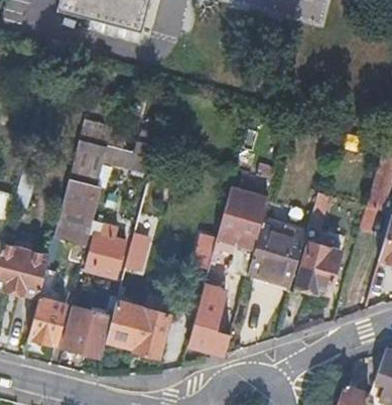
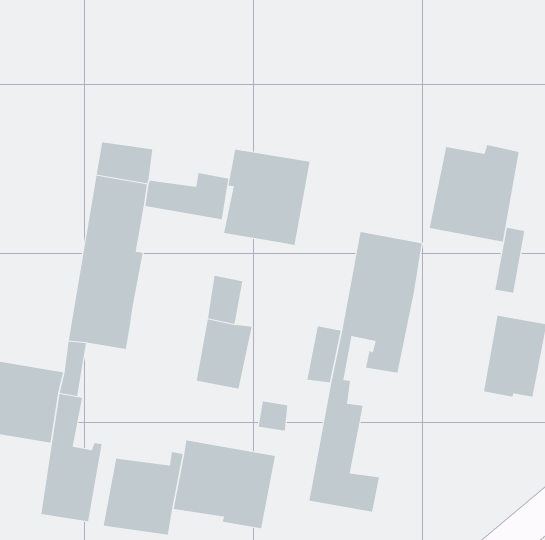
building: none -> [224,149,310,246]
building: [86,221,126,277] -> none
building: [246,226,303,285] -> [429,145,519,242]

